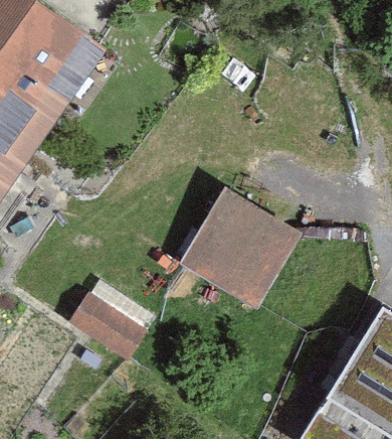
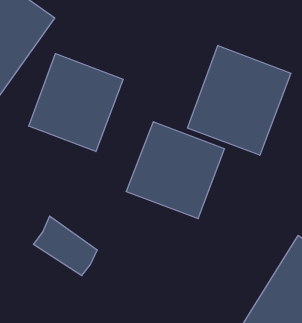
building: none -> [188,45,291,155]
building: none -> [29,54,123,152]

